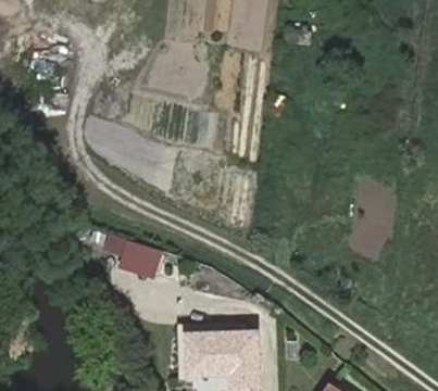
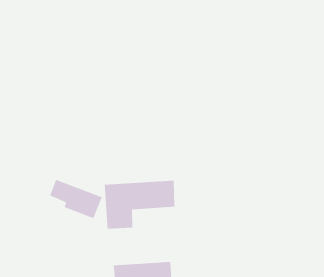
building: none -> [104,180,175,229]

